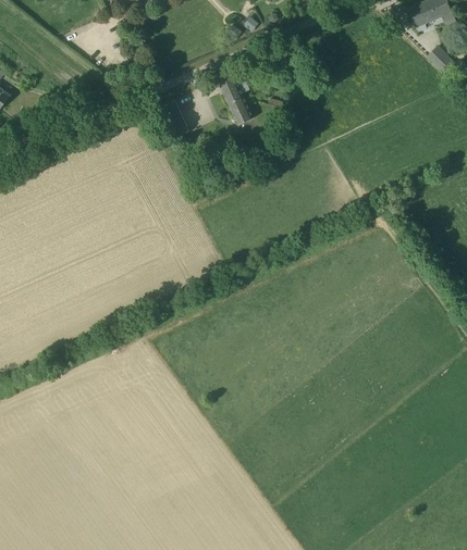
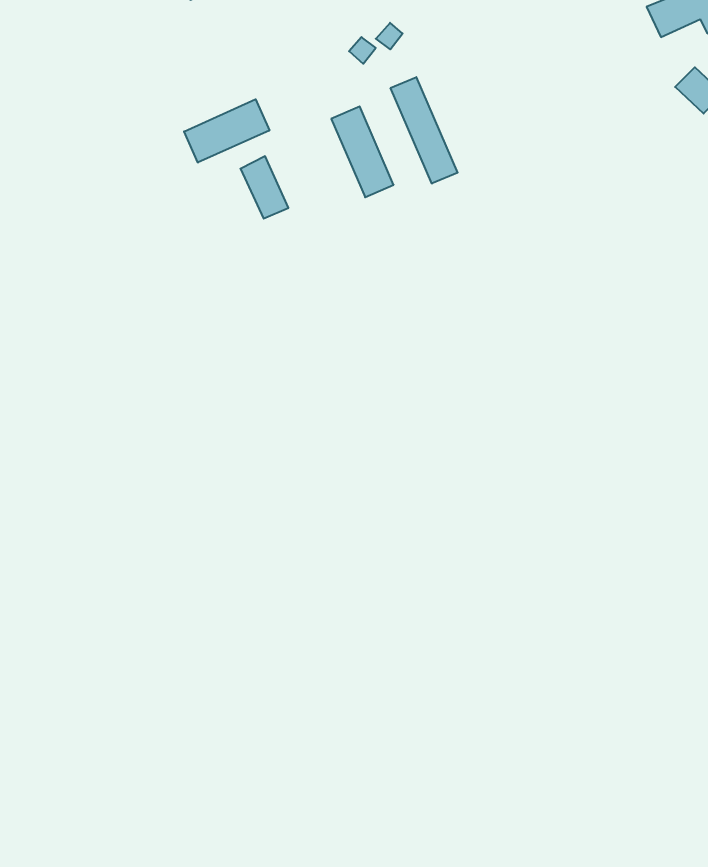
building: none -> [391,77,458,184]
building: none -> [184,99,269,163]

